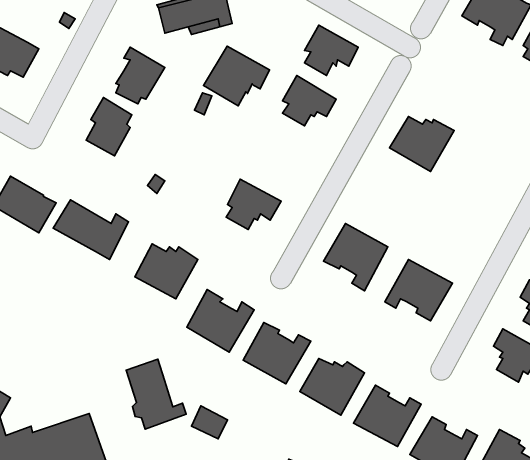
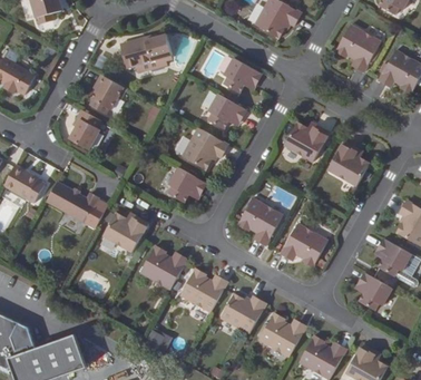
building: [204,46,270,106] -> [182,127,228,169]
building: none -> [327,140,370,185]
building: [126,359,186,429] -> none

